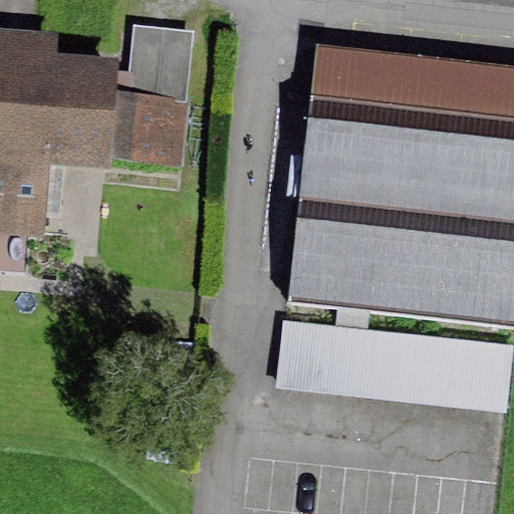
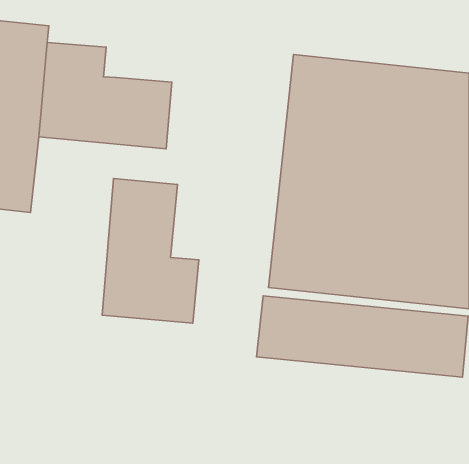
building: [126,18,193,89] -> none
building: none -> [102,179,199,323]

